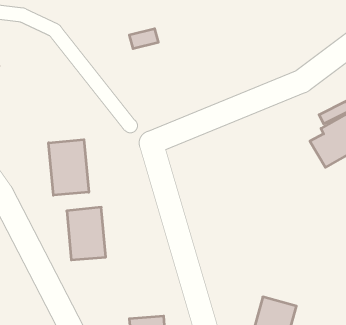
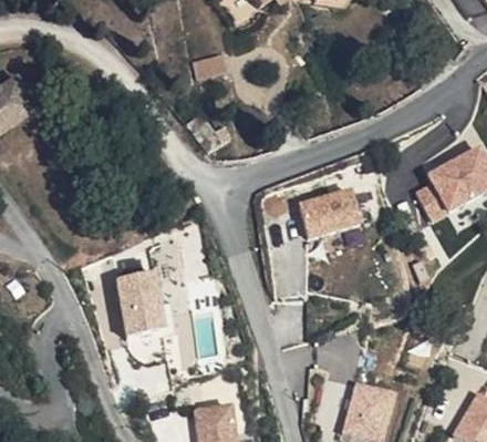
building: none -> [300,191,364,246]
building: [49,140,89,195] -> none

